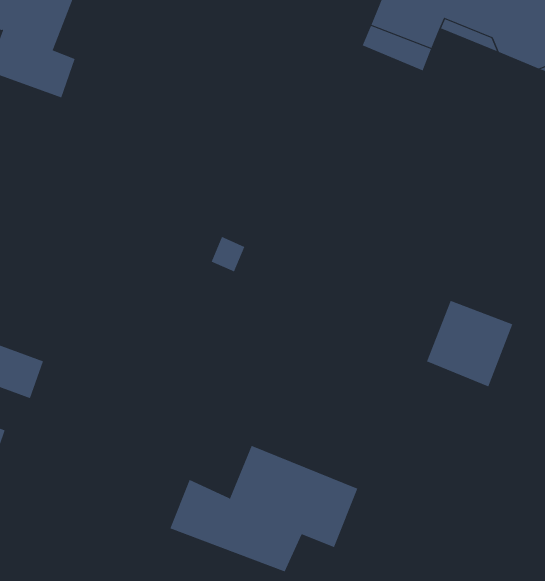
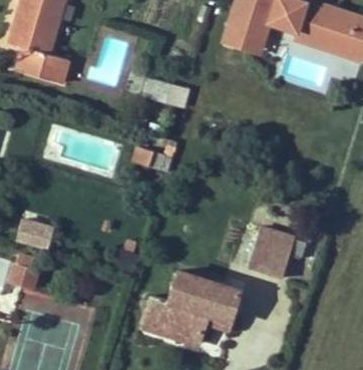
building: none -> [140,77,188,109]
building: [426,300,513,387] -> [250,229,298,277]

